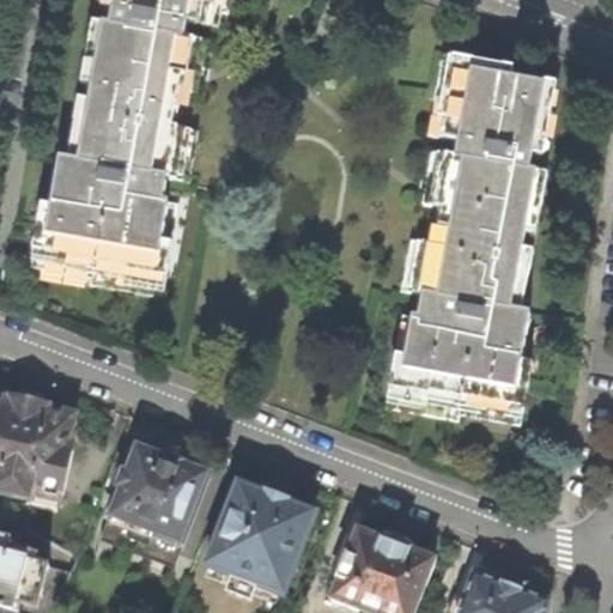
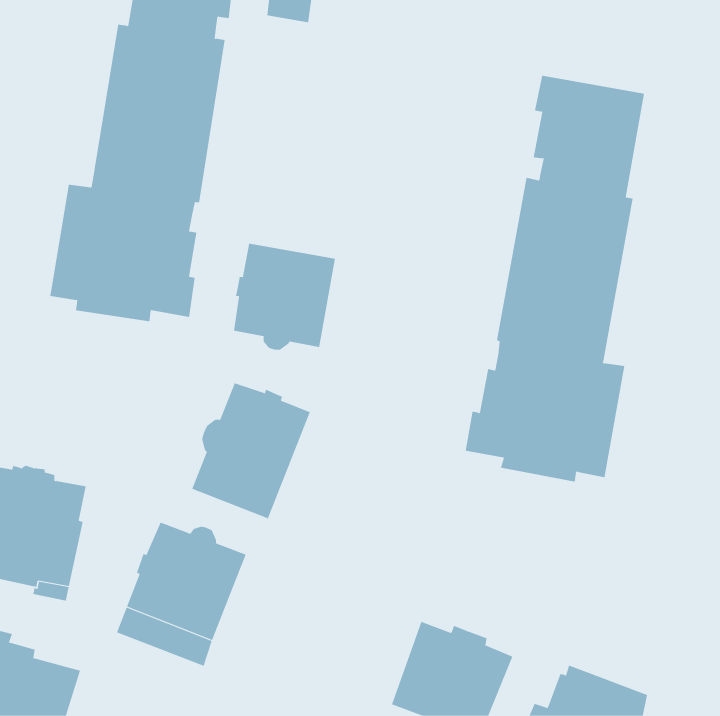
building: none -> [233,243,335,351]
building: none -> [191,383,311,519]
building: [206,479,315,590] -> none

